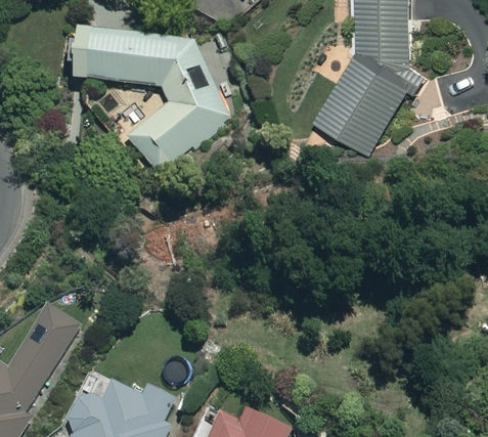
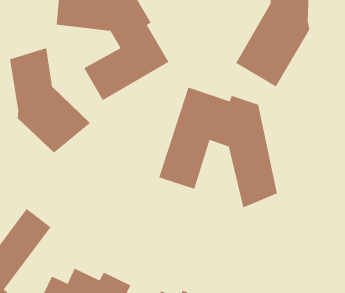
building: none -> [9,47,91,154]
building: none -> [158,87,278,209]

